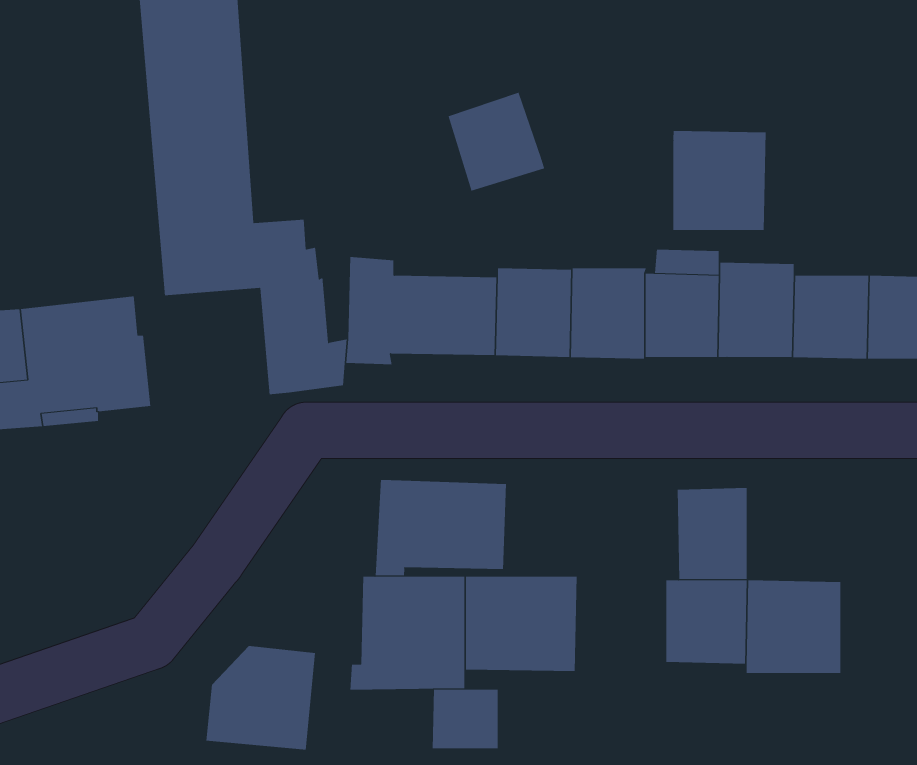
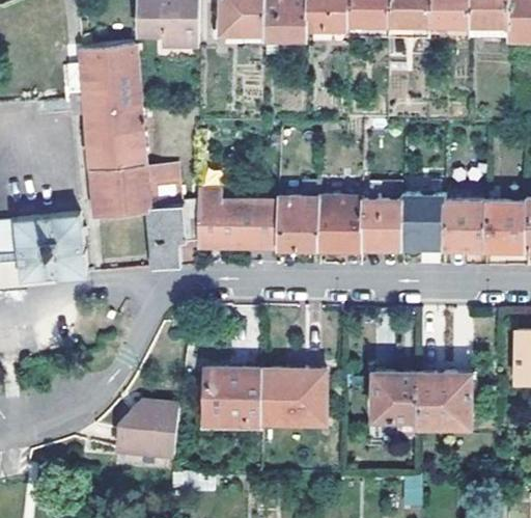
building: [448,92,545,191] -> none
building: [673,130,766,231] -> none
building: [375,479,507,576] -> none
building: [677,487,747,580] -> none
building: [432,689,498,749] -> none

